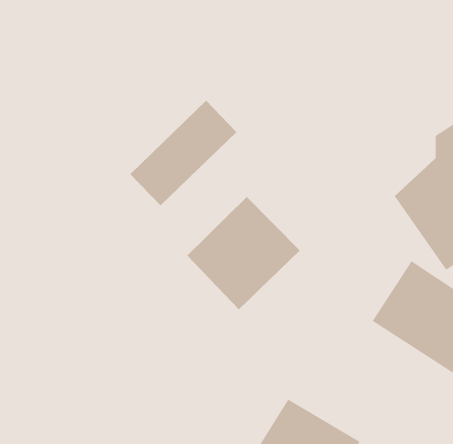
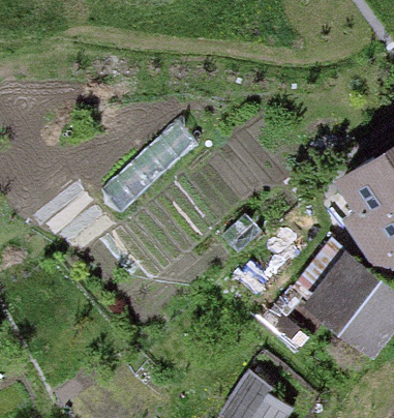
building: [186,196,300,310] -> none

